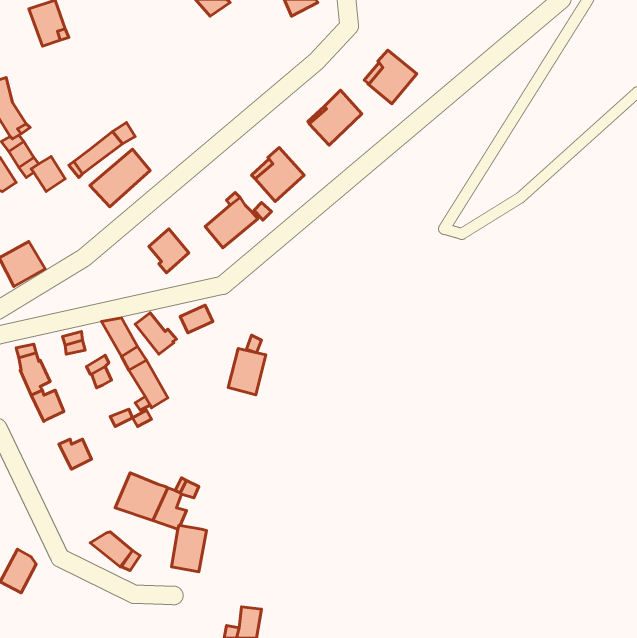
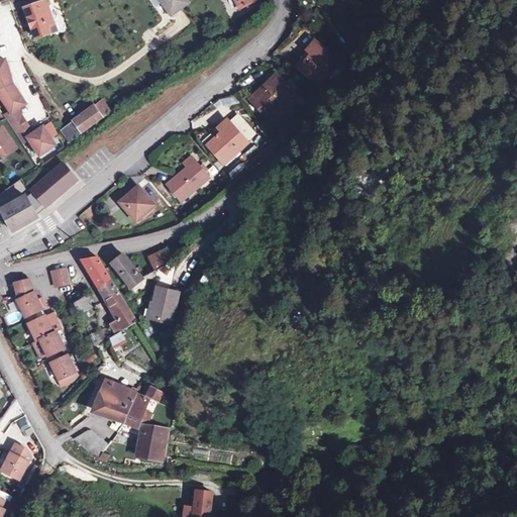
building: [90,149,150,207] -> [27,162,76,208]
building: [228,349,266,395] -> [147,286,178,323]
building: none -> [38,330,63,358]

